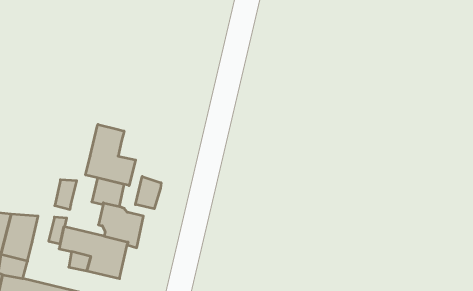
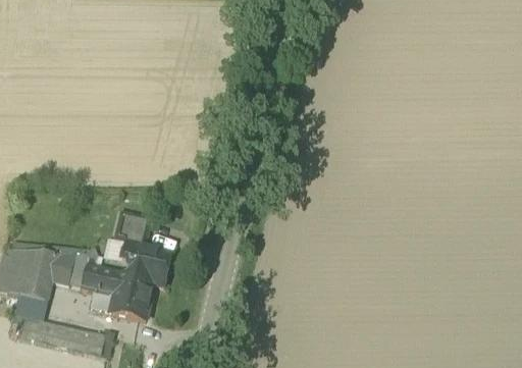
building: [86,124,136,186] -> none
building: [135,176,161,209] -> none
building: [55,180,77,209] -> [50,252,73,283]

